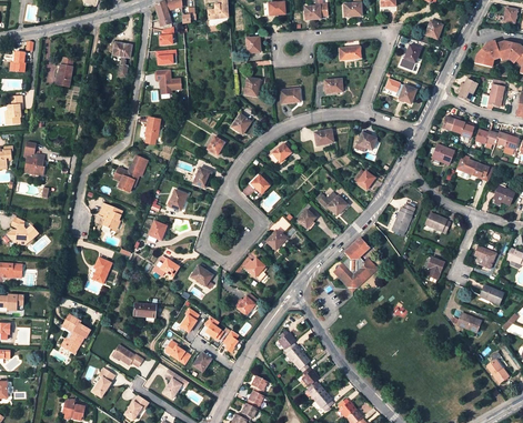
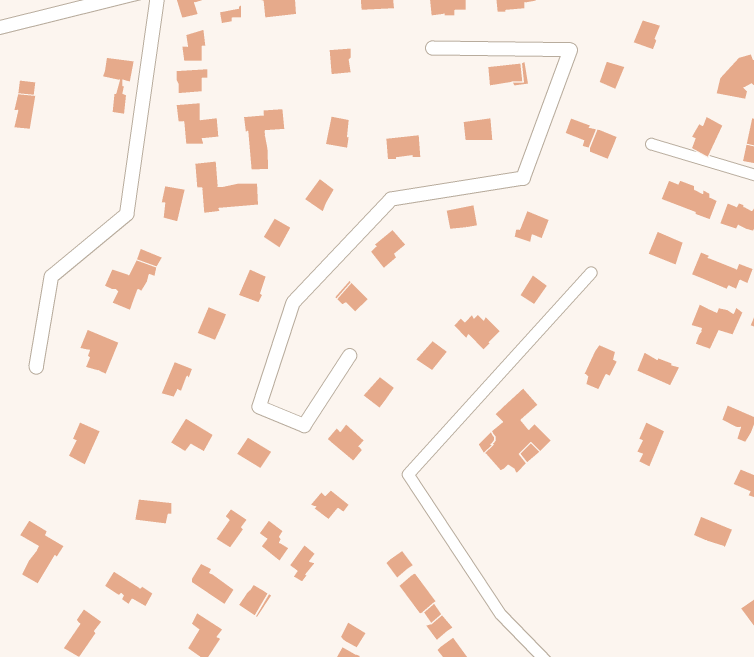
building: none -> [244,108,285,170]
building: none -> [195,161,258,214]
building: none -> [691,304,743,350]

